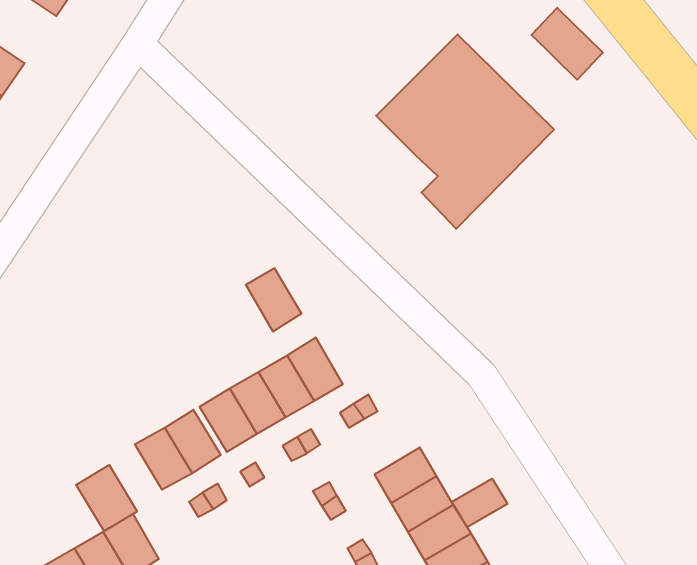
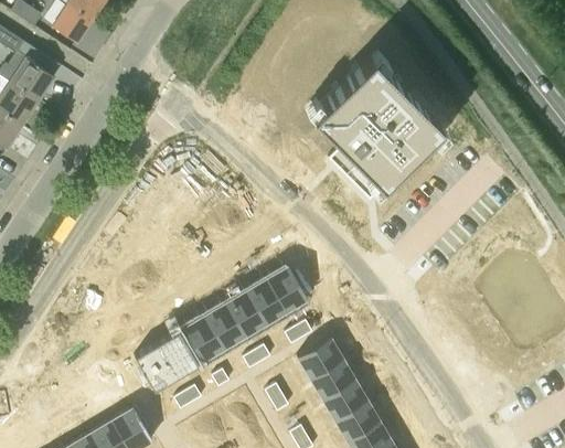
building: [531,8,603,80] -> none
building: [246,268,302,332] -> [267,265,308,311]
building: none -> [297,337,343,377]
building: [76,465,137,531] -> none
building: [452,479,507,527] -> none

